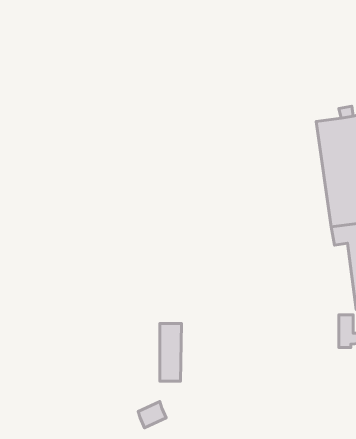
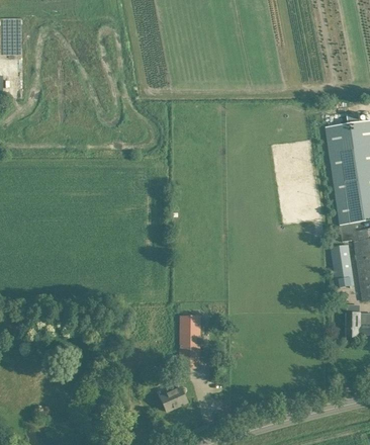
building: none -> [332,245,354,287]

